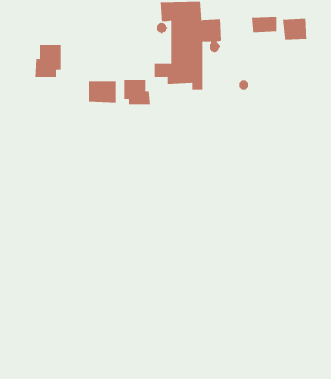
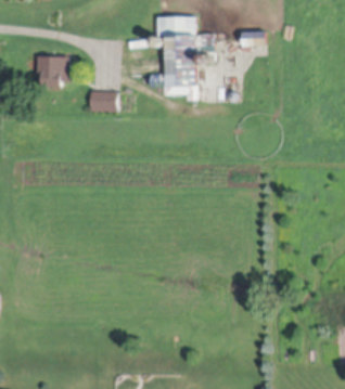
building: [282,18,307,40] -> none
building: [124,79,150,105] -> none

